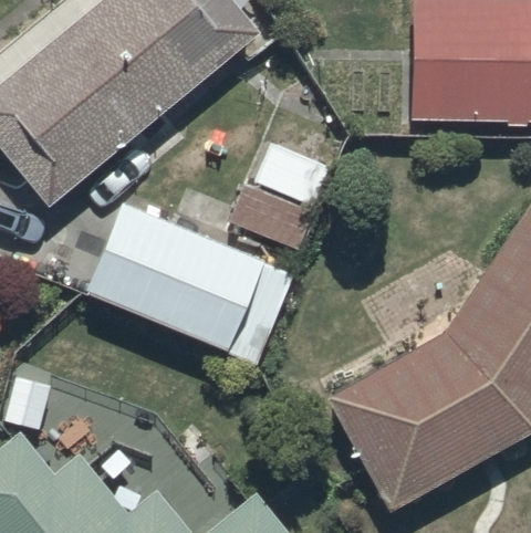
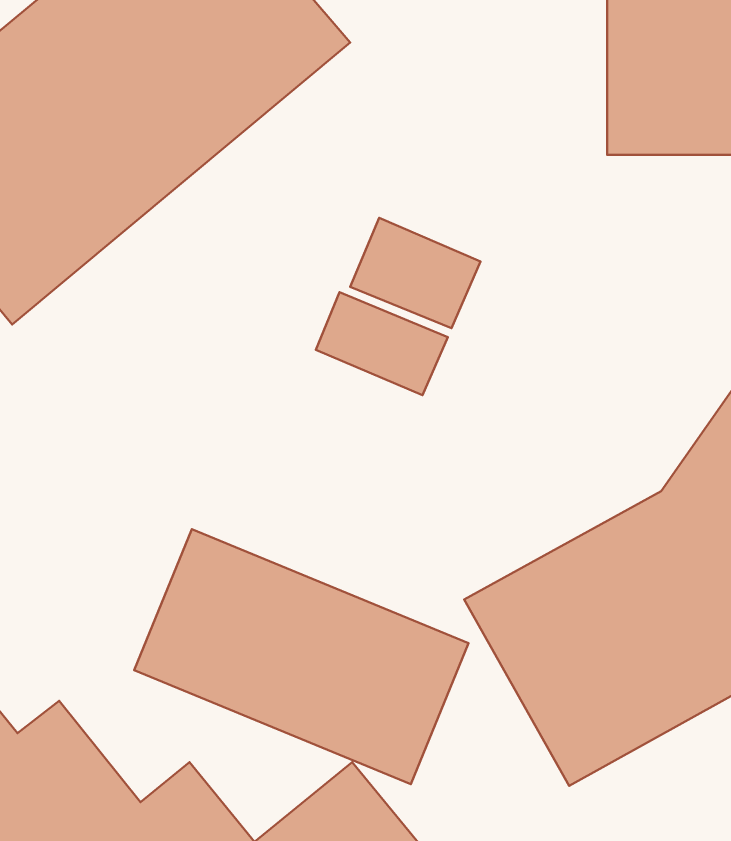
building: [88,212,293,368] -> [134,529,469,784]

